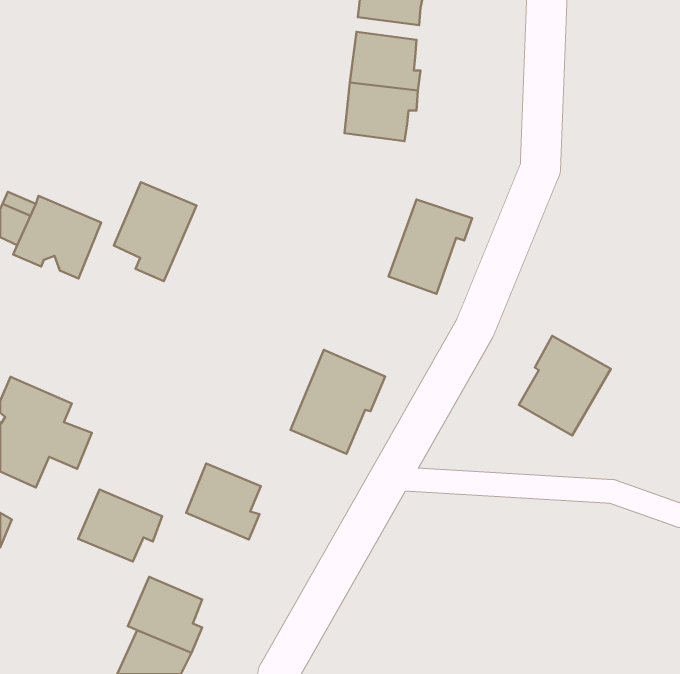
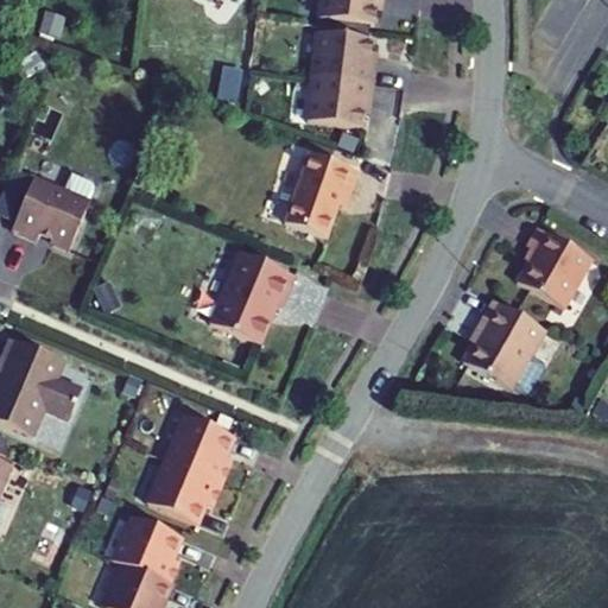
building: [114,182,196,281] -> none
building: [388,199,472,294] -> [284,151,359,235]
building: none -> [517,227,591,308]
building: [291,350,385,454] -> [210,249,294,342]
building: [78,489,162,561] -> [147,457,222,521]

